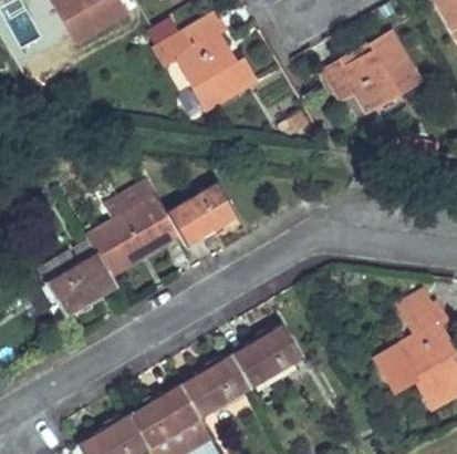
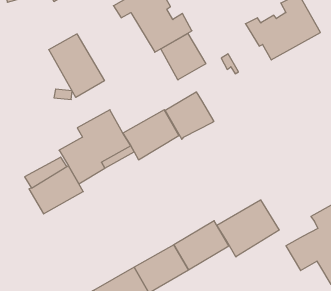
building: none -> [161,33,206,80]
building: none -> [49,34,104,97]
building: none -> [165,92,214,139]
building: none -> [217,200,279,257]

